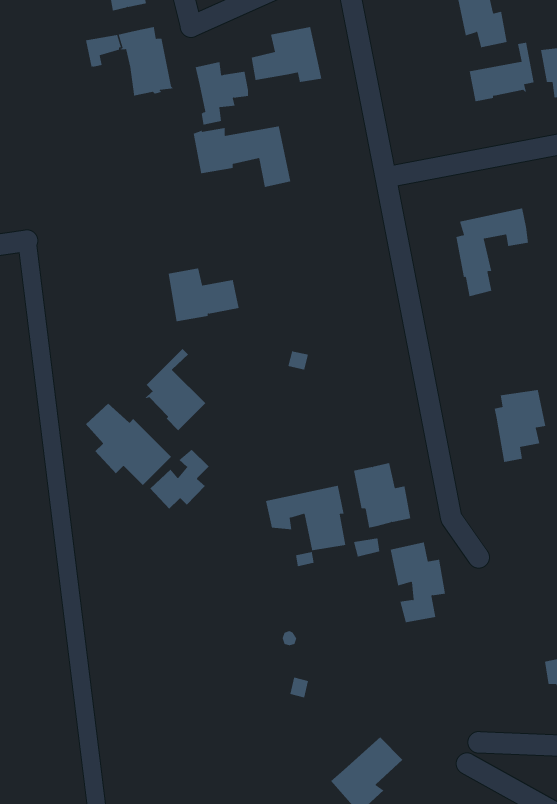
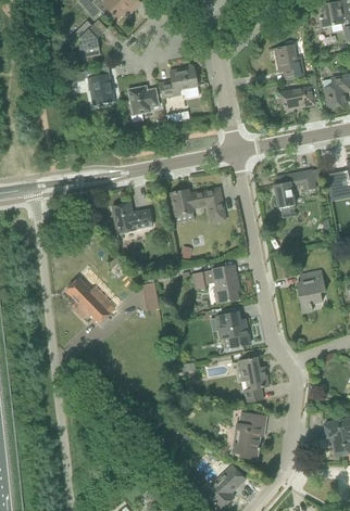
building: [193,126,291,187] -> [170,188,225,222]
building: [145,348,206,431] -> none
building: [150,449,209,510] -> none
building: [265,485,346,551] -> [192,265,238,302]
building: none -> [232,412,266,458]

